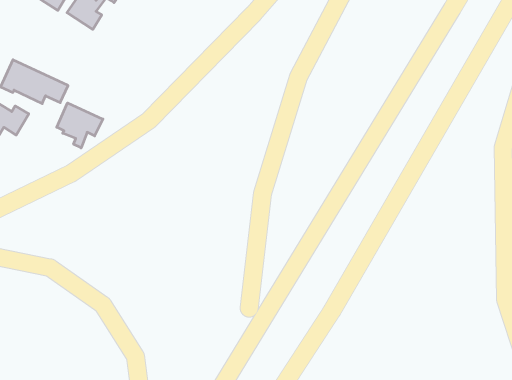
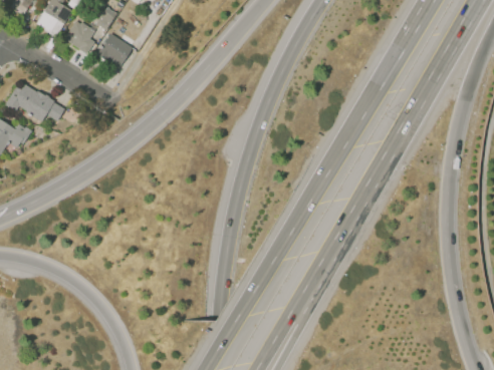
building: none -> [96,33,133,69]
building: [57,103,103,148] -> none

